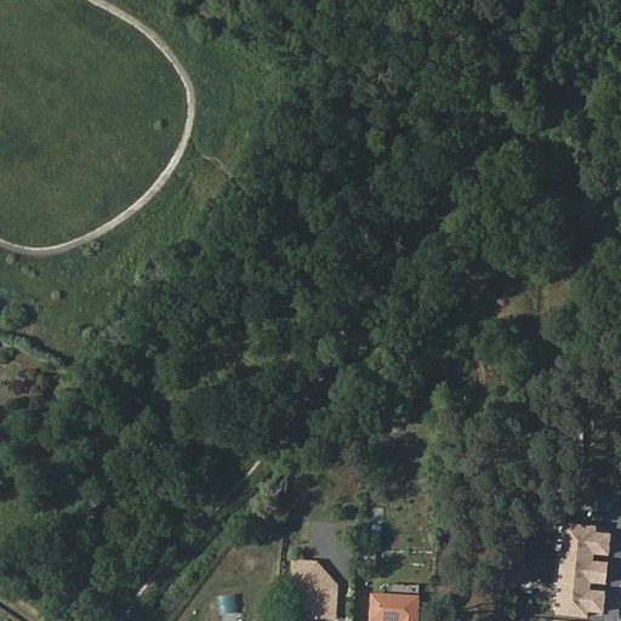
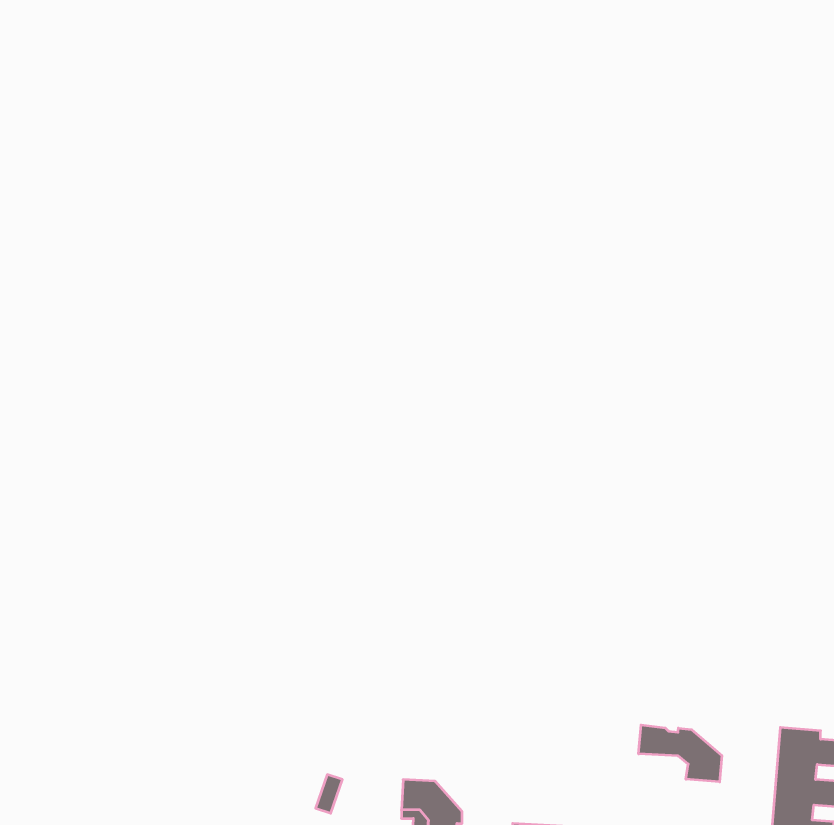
building: none -> [639,725,722,782]

